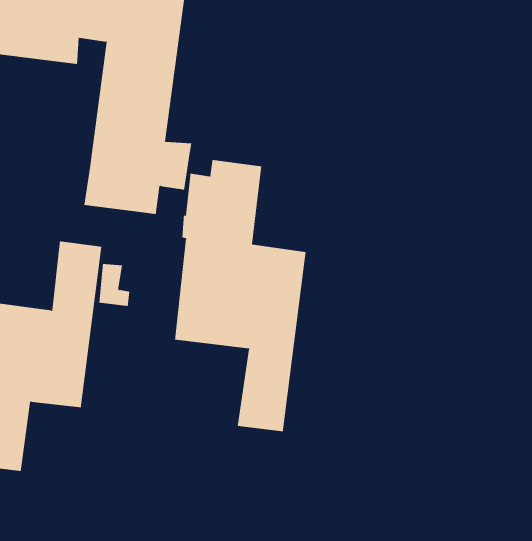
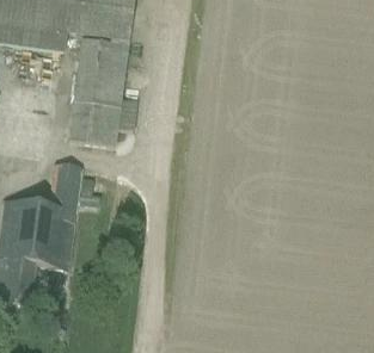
building: [174,159,306,432] -> none

